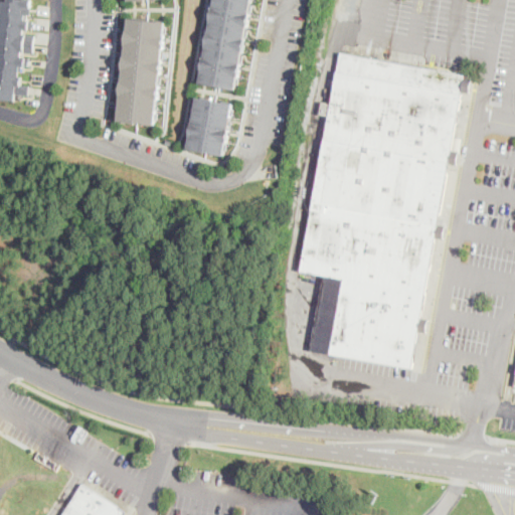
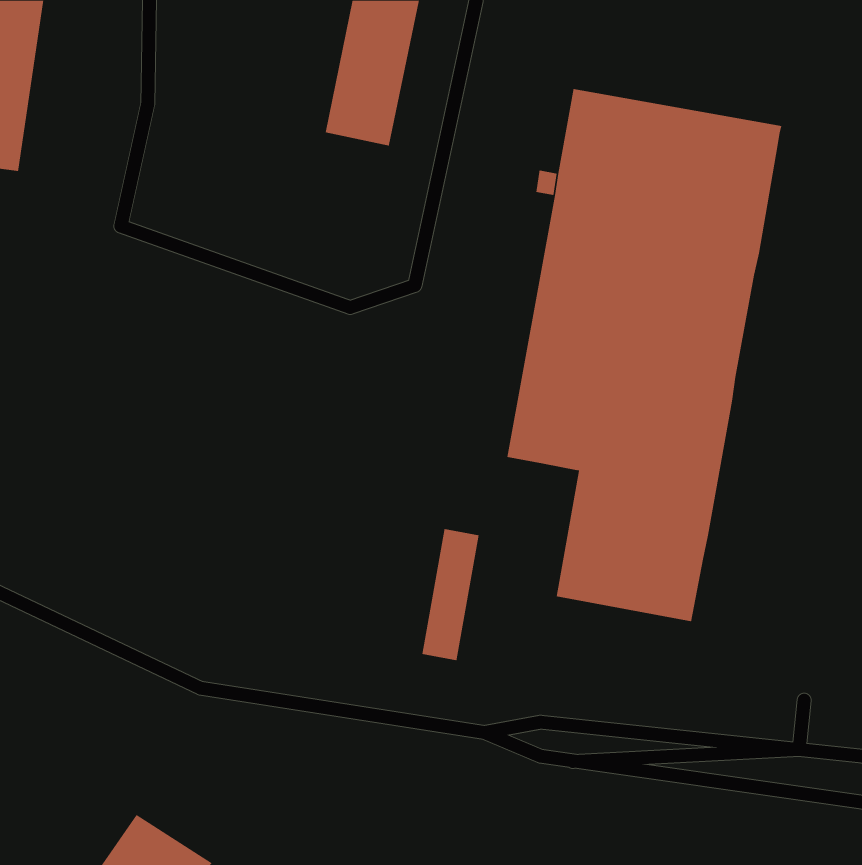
building: [113,18,165,123] -> none
building: [184,99,233,158] -> none
building: [308,277,342,355] -> [422,528,479,661]

